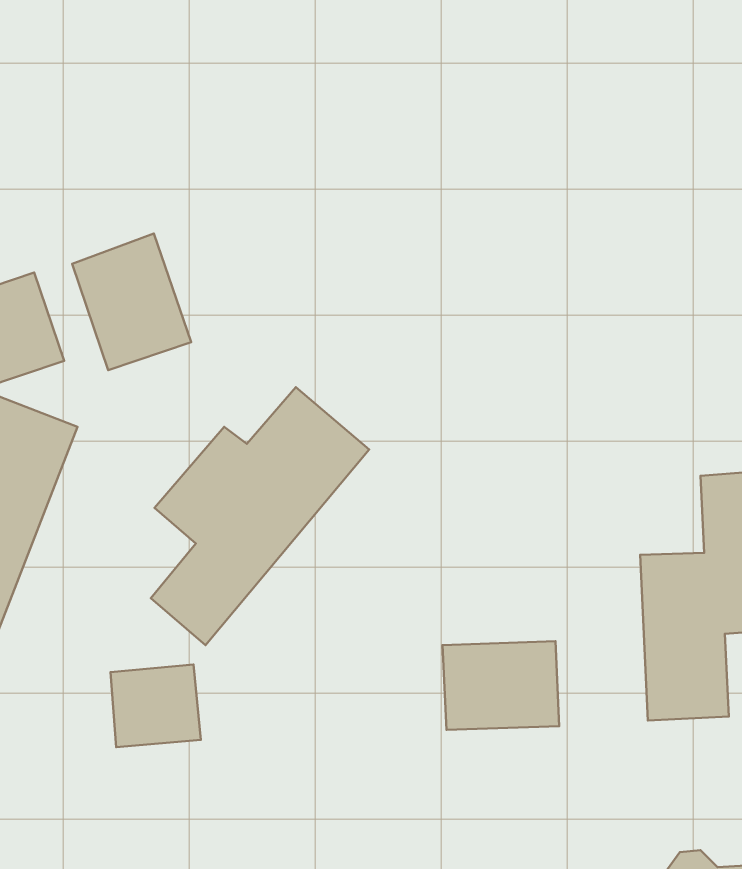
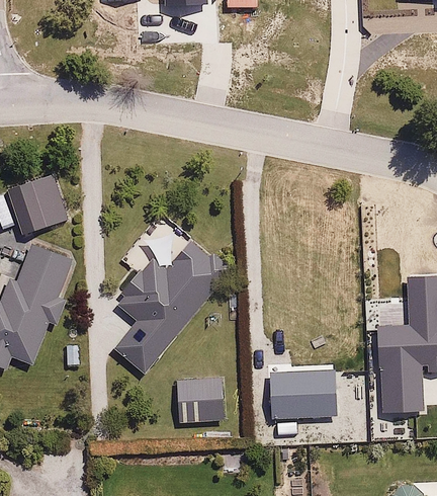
building: [72,234,191,370] -> none
building: [111,664,201,747] -> [175,379,224,423]

